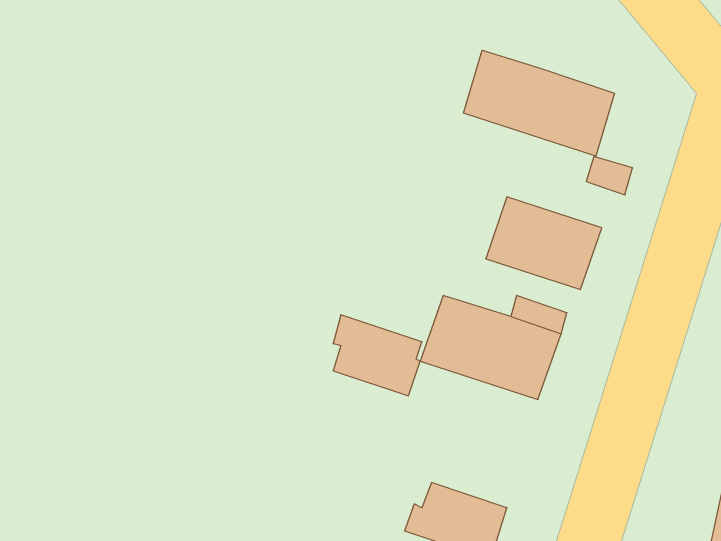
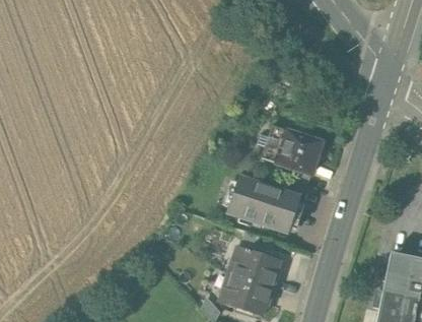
building: [464,50,615,156] -> none
building: [333,315,422,396] -> [232,247,279,289]

